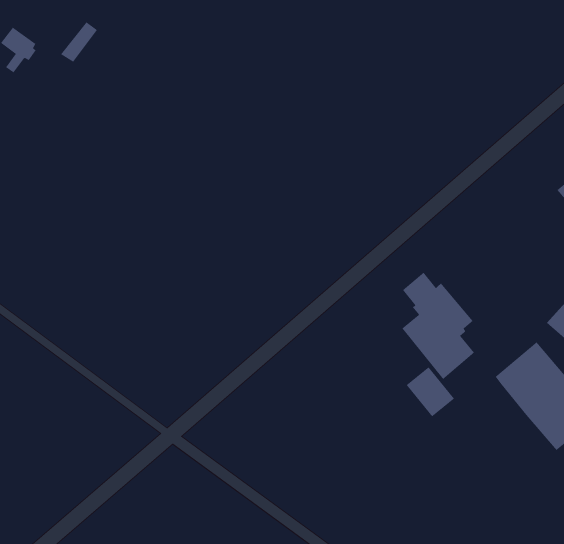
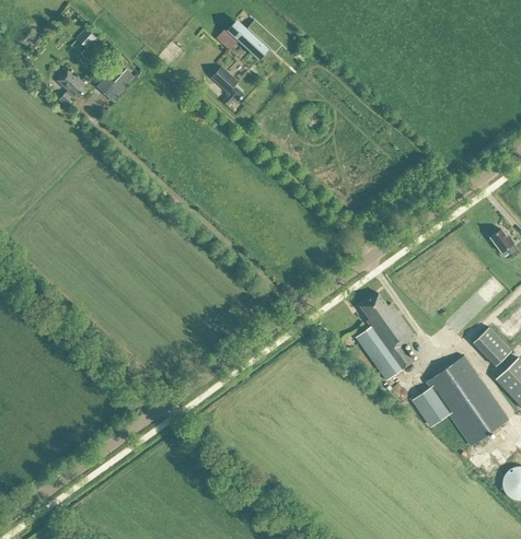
building: none -> [210,67,243,105]
building: [406,367,455,417] -> [410,387,449,427]

